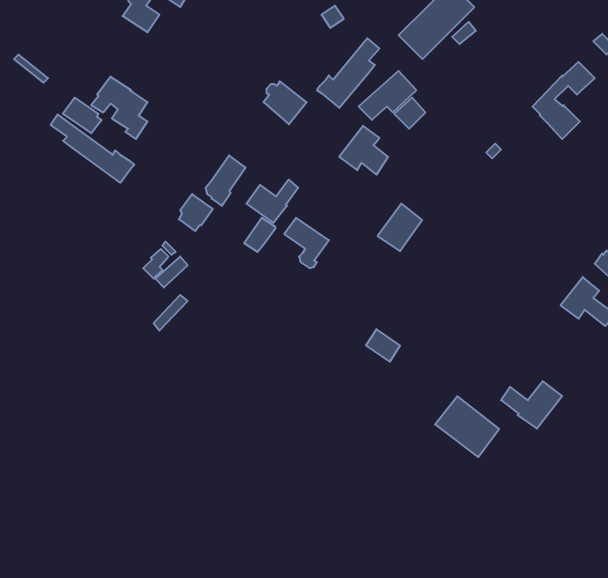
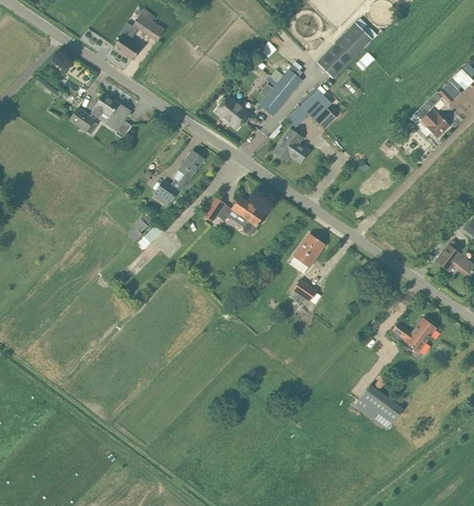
building: [51,114,134,183] -> none
building: [246,180,298,223] -> none
building: [378,204,422,251] -> [292,233,325,268]
building: [435,396,499,457] -> [356,385,403,429]

